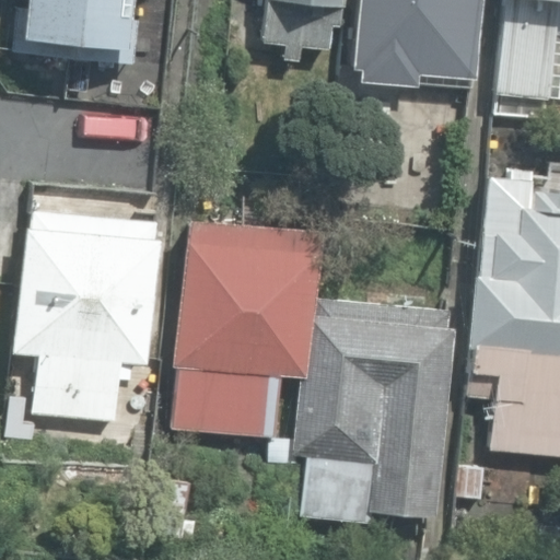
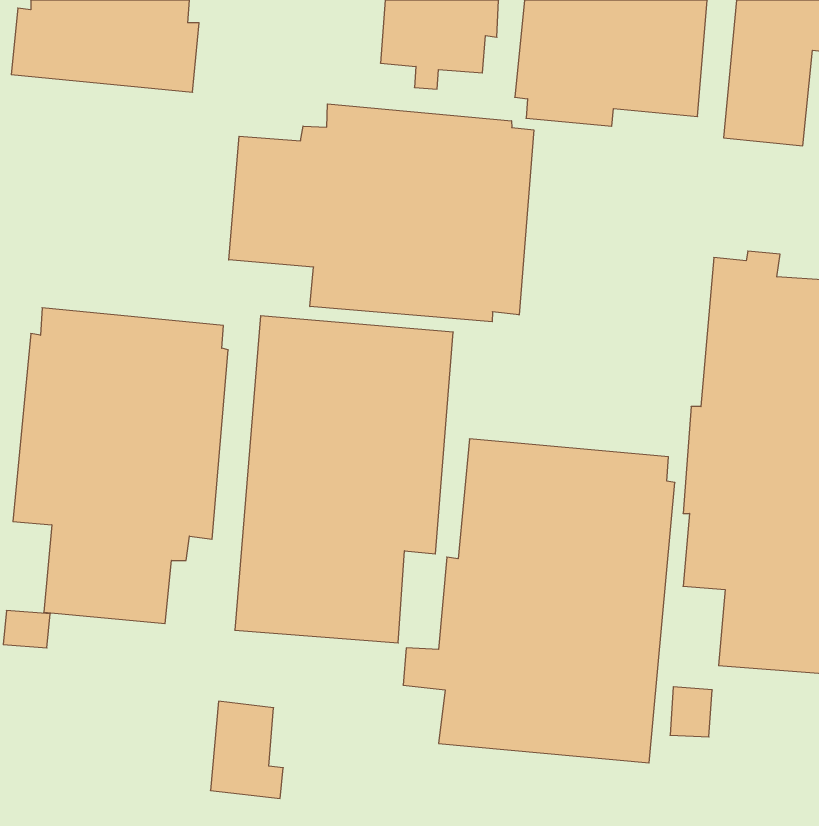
building: none -> [229,104,534,322]

